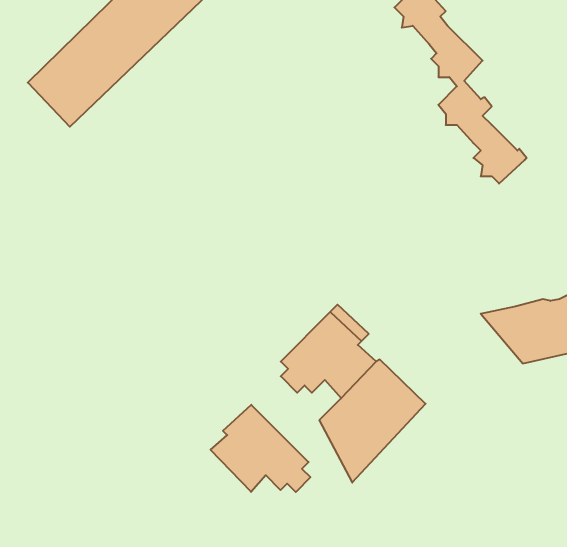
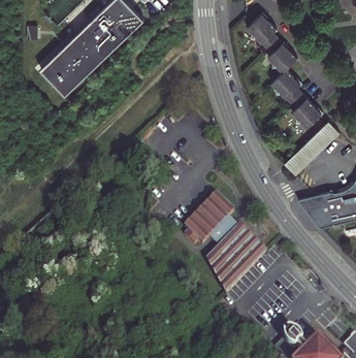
building: none -> [284,122,338,175]
building: [211,405,310,492] -> none

